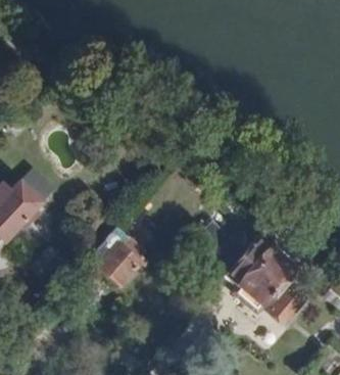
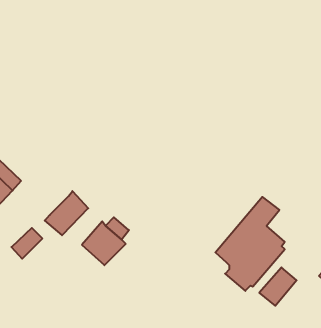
building: none -> [45,191,88,235]

